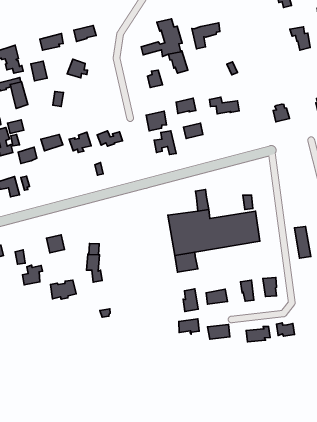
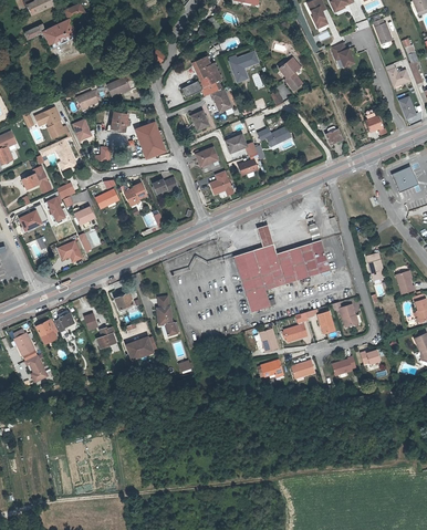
building: none -> [280,51,303,90]
building: none -> [135,122,166,160]

